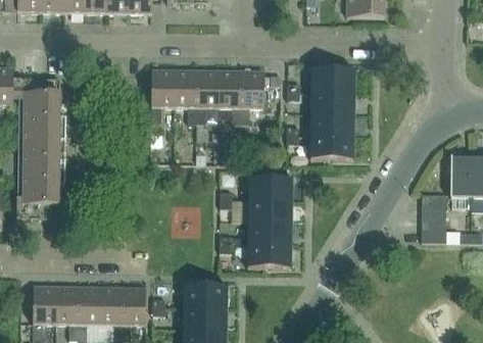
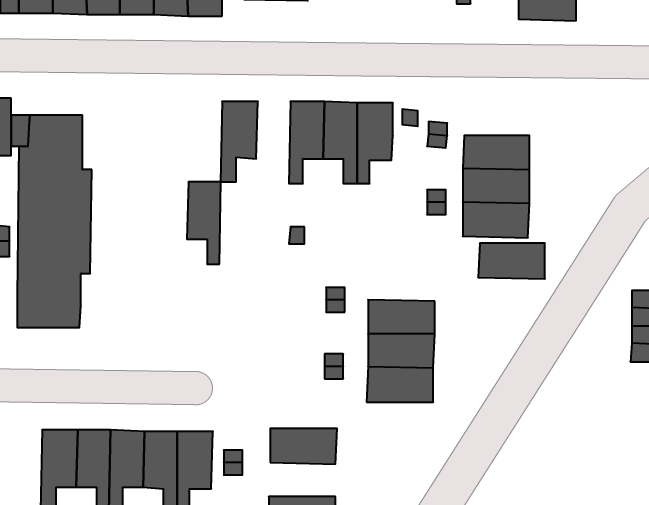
building: [311,68,355,92] -> none
building: [175,69,197,124] -> [187,182,221,264]
building: [248,178,292,201] -> [478,243,545,279]
building: [183,307,227,330] -> none

